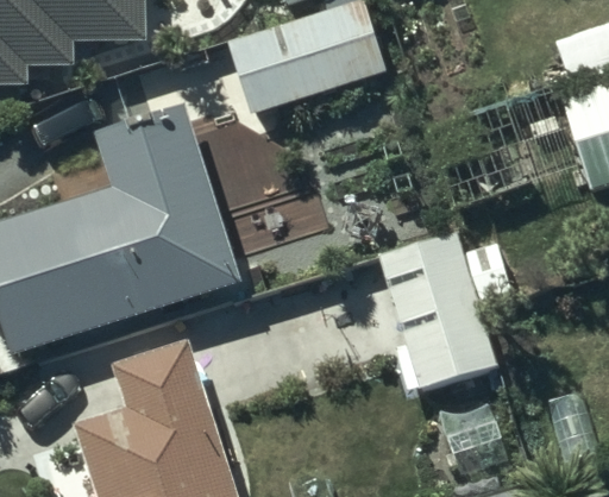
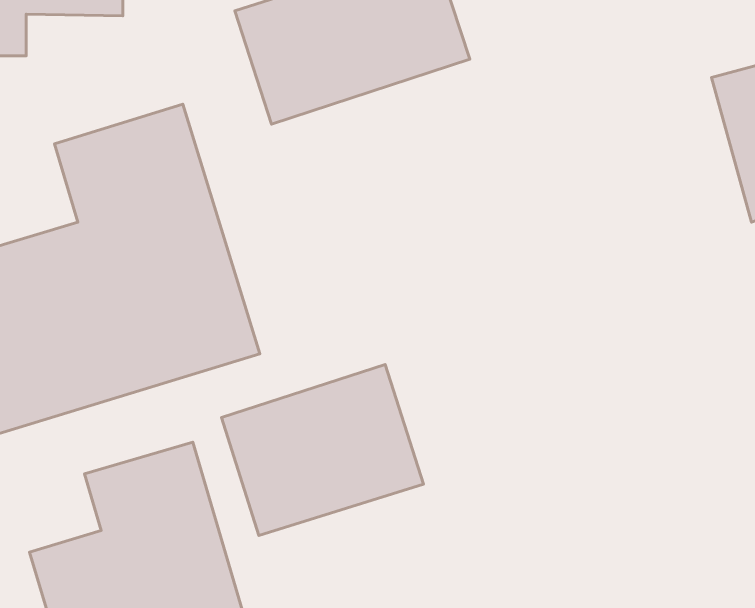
building: [377,228,502,392] -> none
building: none -> [222,364,423,536]

